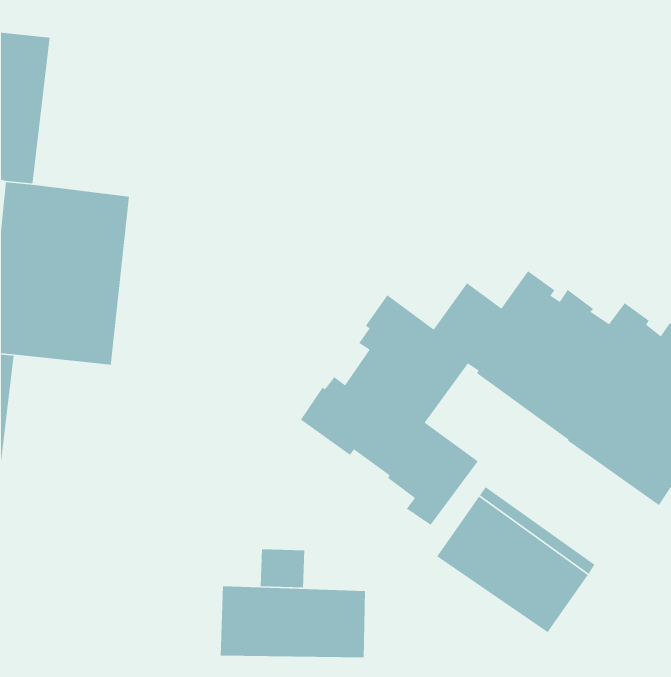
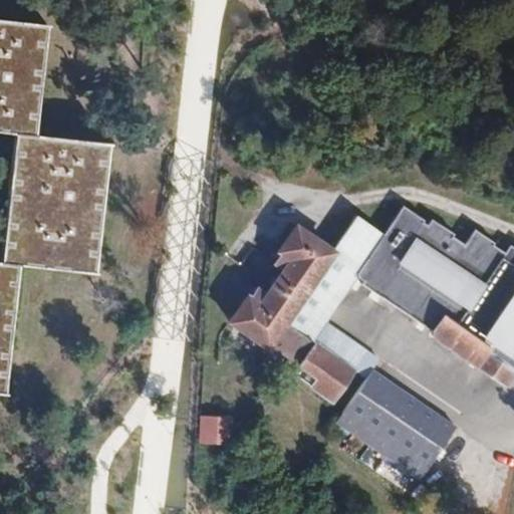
building: [220,586,366,658] -> none

